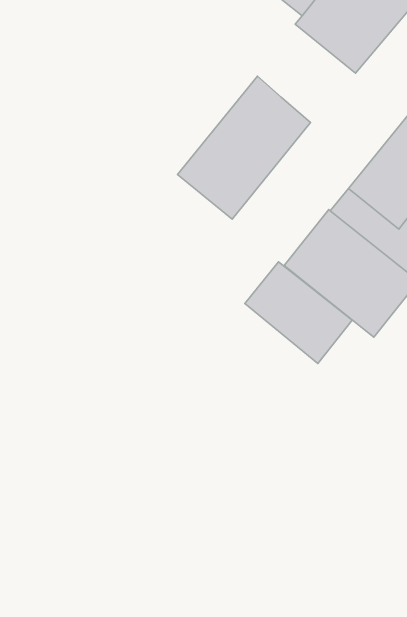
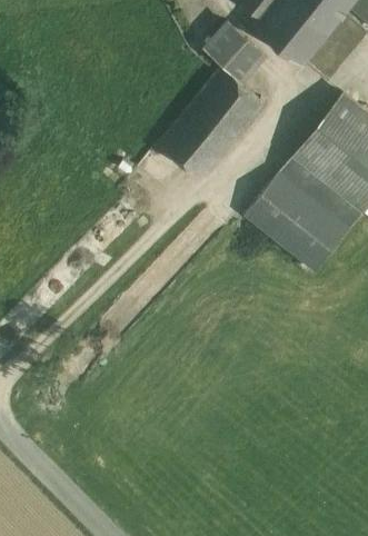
building: none -> [205,21,263,80]
building: [245,262,352,363] -> none

